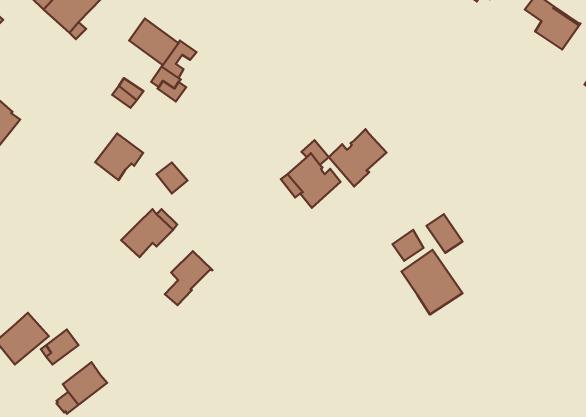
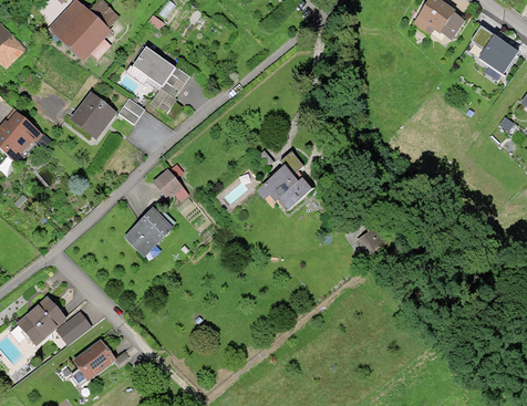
building: [329,129,386,186] -> none
building: [95,134,143,180] -> [73,95,114,135]
building: [427,214,463,253] -> none
building: [401,250,462,314] -> none
building: [165,251,213,305] -> none

